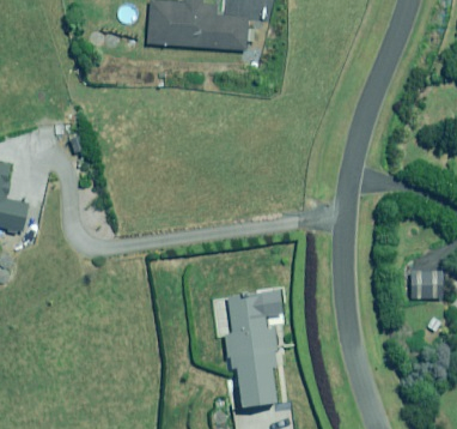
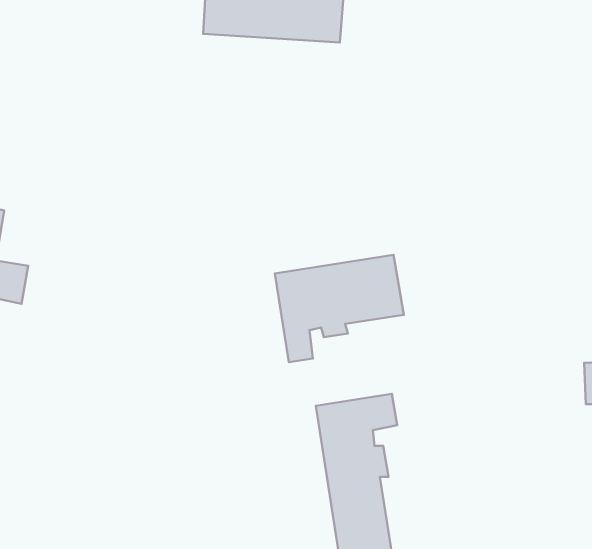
building: none -> [275,255,404,362]

